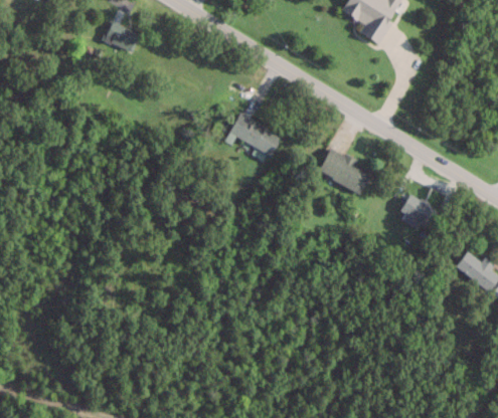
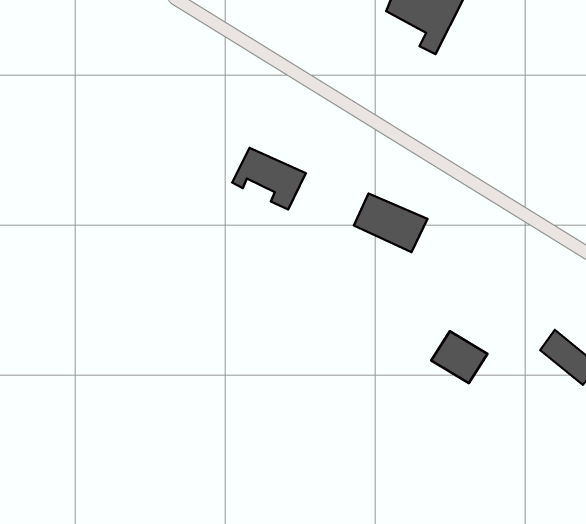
building: [105,9,142,53] -> none
building: [396,193,439,232] -> [431,331,487,383]

